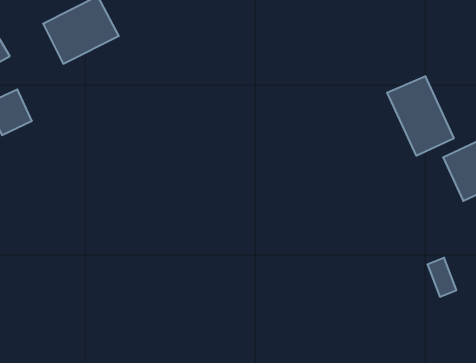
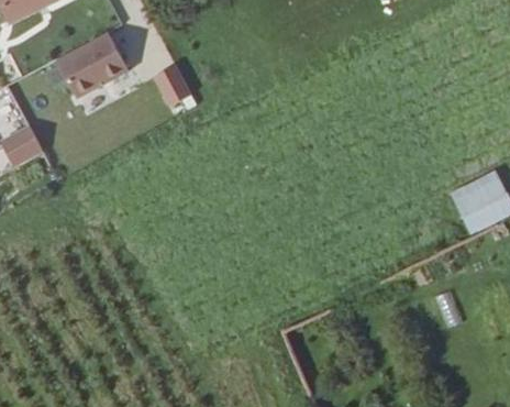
building: none -> [149,61,192,110]
building: [387,76,454,156] -> none

